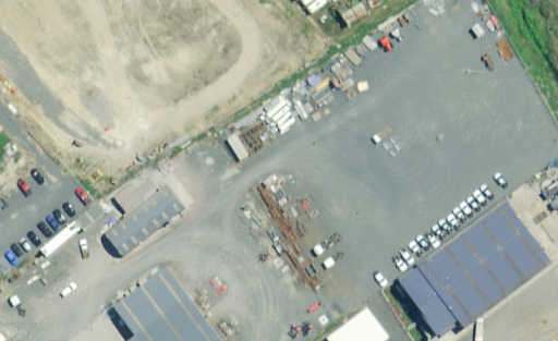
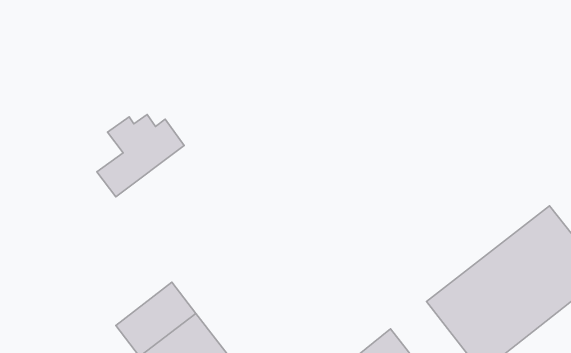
building: [107,181,186,256] -> [97,114,184,197]

